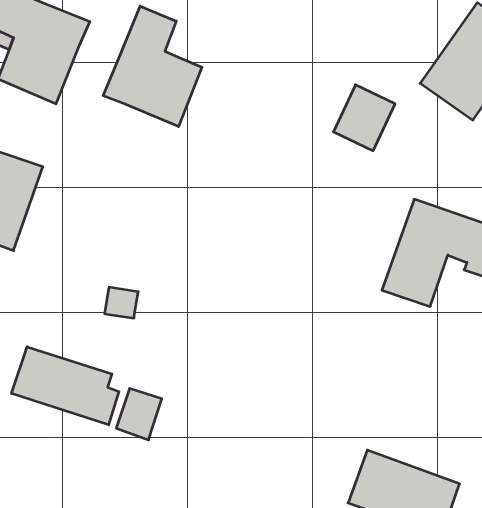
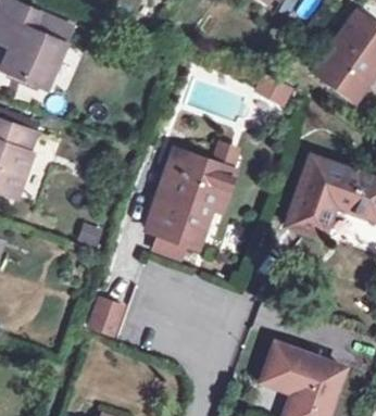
building: [103,6,202,127] -> none
building: none -> [147,152,233,243]
building: [12,347,119,425] -> none

